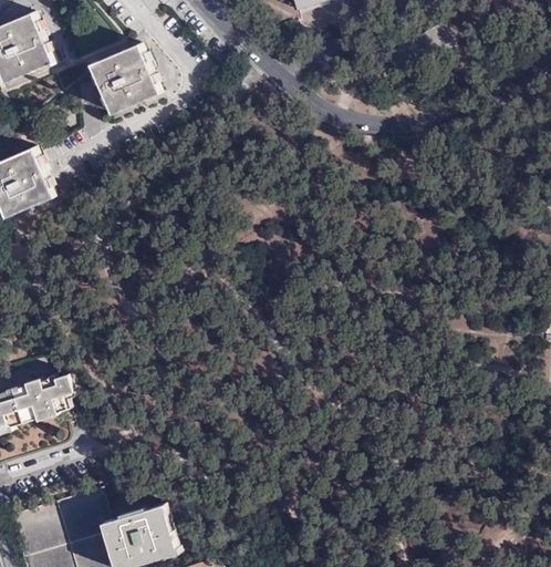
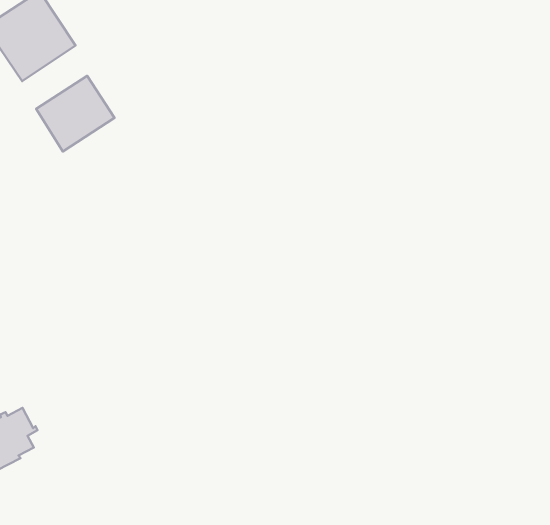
building: none -> [36,76,114,152]

